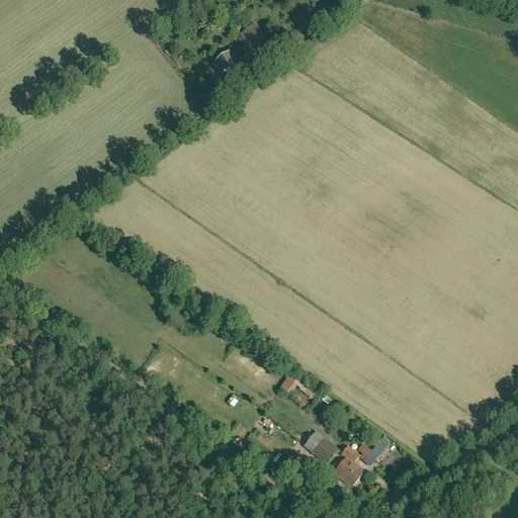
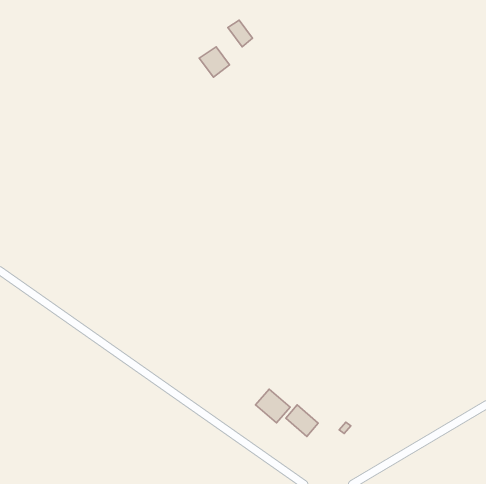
building: none -> [256,389,290,423]
building: [333,445,364,487] -> none

